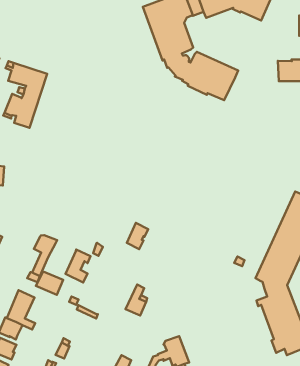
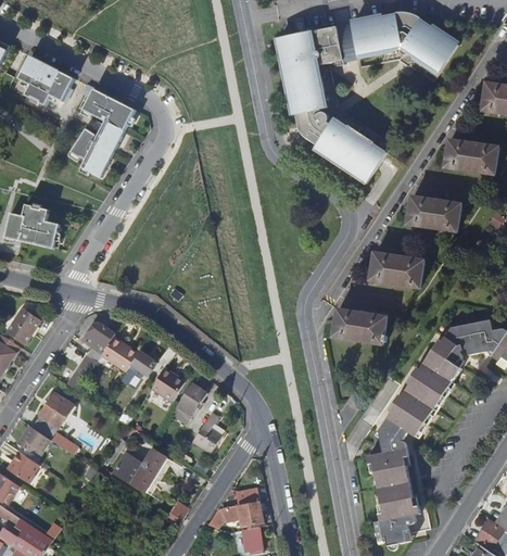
building: none -> [406,198,460,231]
building: none -> [369,253,422,288]
building: none -> [333,309,385,344]
building: [127,223,148,249] -> [175,381,206,417]
building: none -> [150,367,183,401]
building: [36,272,63,295] -> [99,337,137,370]
building: none -> [114,448,166,491]

